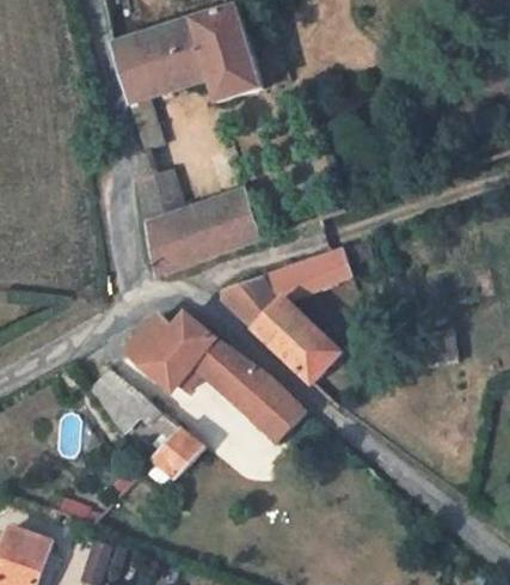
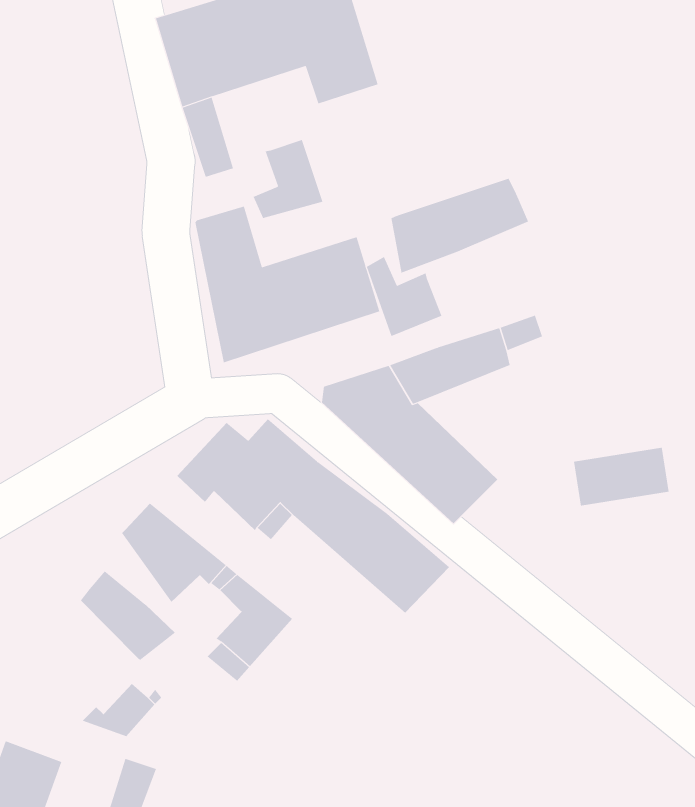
building: none -> [253,139,323,219]
building: none -> [391,178,529,273]
building: none -> [366,256,442,337]
building: none -> [80,570,176,661]

